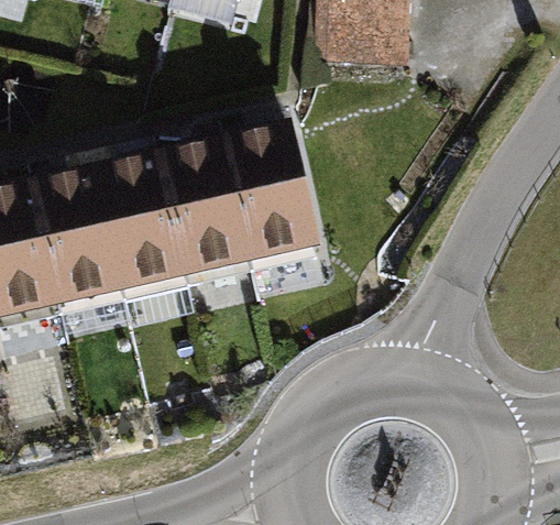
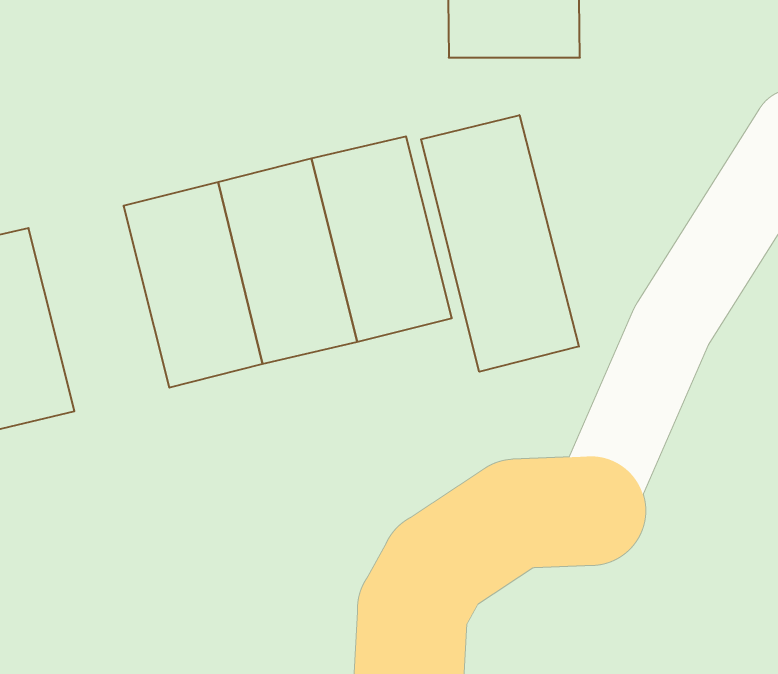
building: none -> [421,115,579,372]
building: [24,168,122,311] -> none

